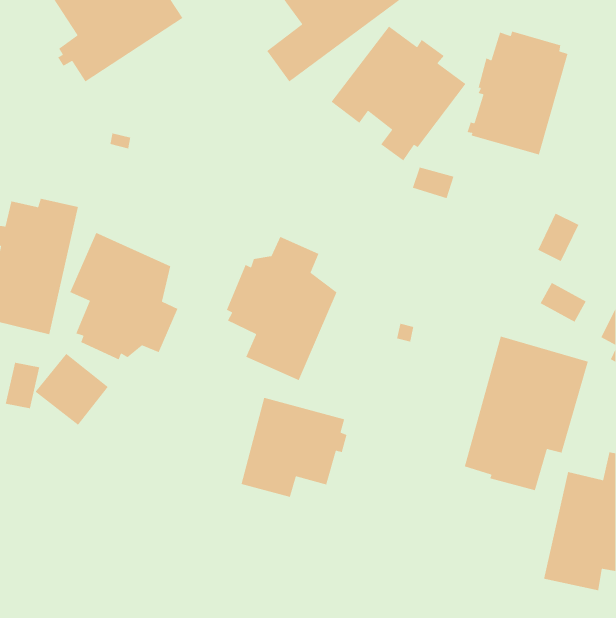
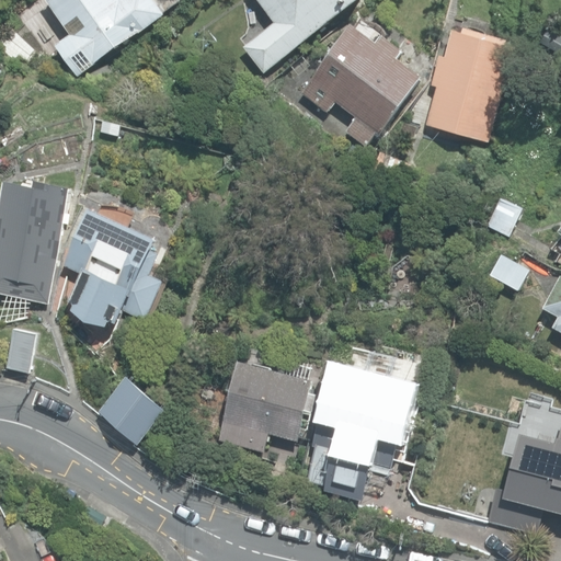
building: [226,236,337,381] -> none
building: [464,336,589,491] -> [299,357,412,497]
building: [35,353,109,426] -> [95,375,162,440]

